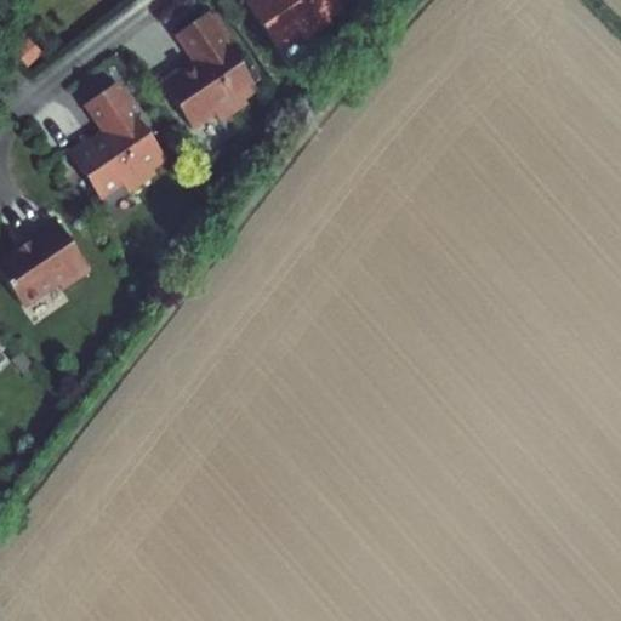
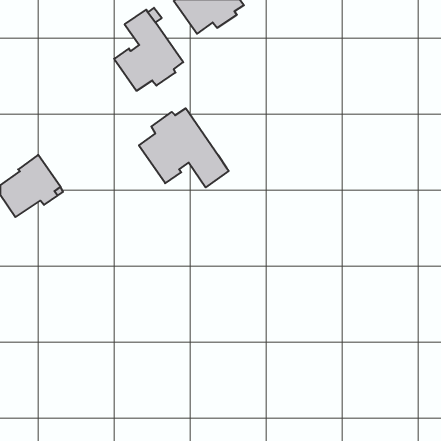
building: [69,84,167,199] -> none
building: none -> [139,108,229,187]

